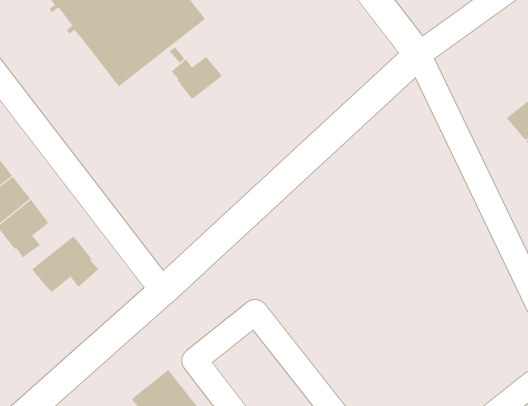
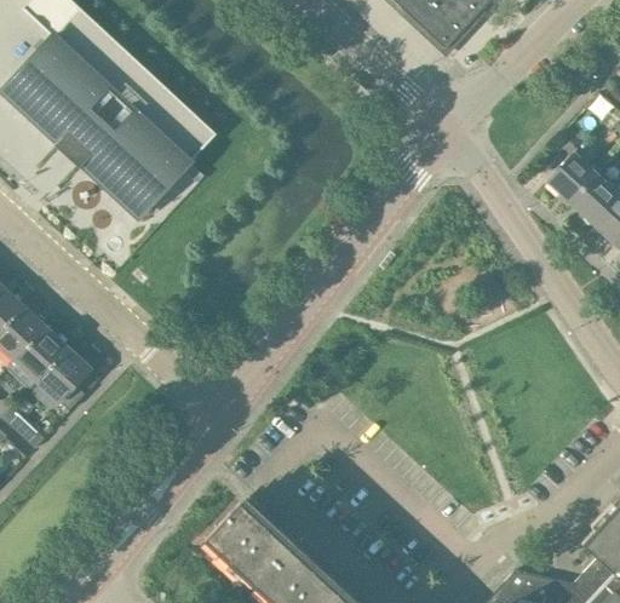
building: [171,56,223,100] -> none
building: [31,235,99,293] -> none

